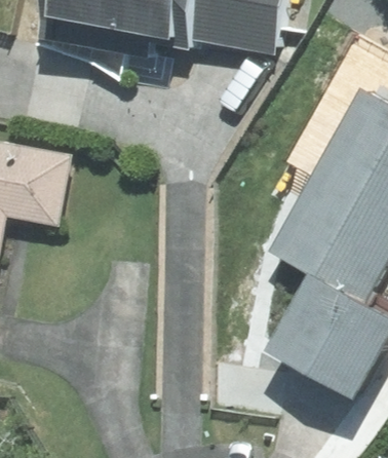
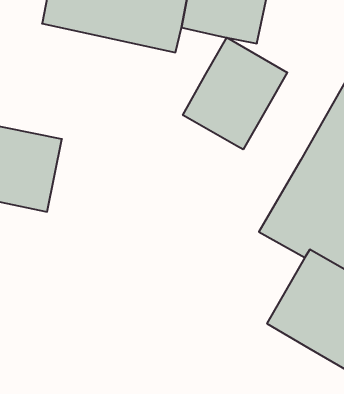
building: none -> [183,38,287,149]

